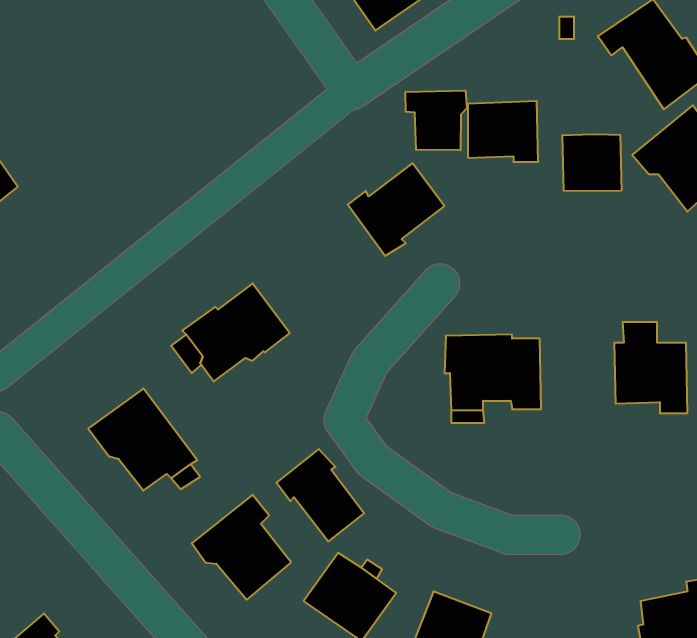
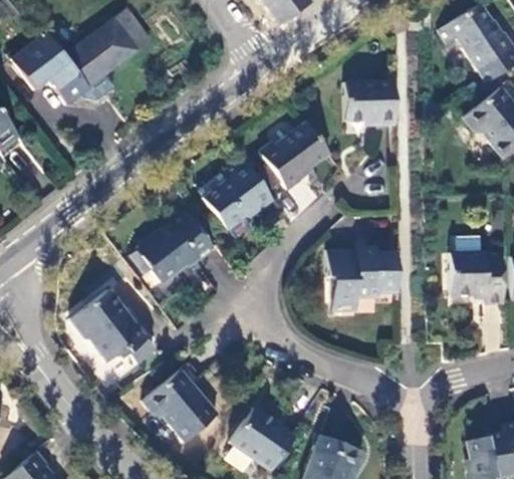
building: none -> [12,9,153,105]
building: [406,90,467,150] -> none
building: [562,134,621,191] -> none
building: none -> [205,158,275,230]
building: [276,449,364,541] -> none

